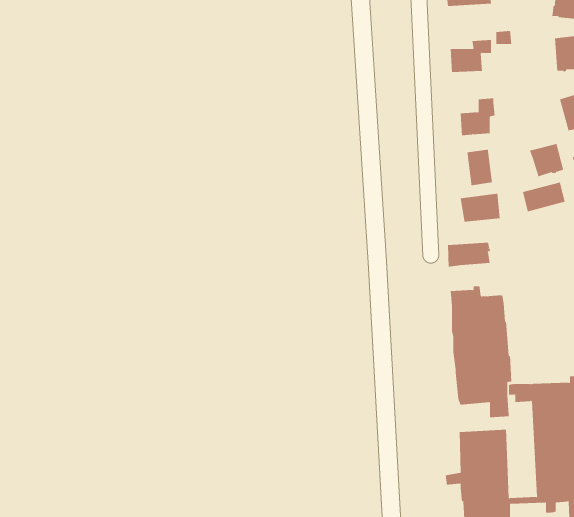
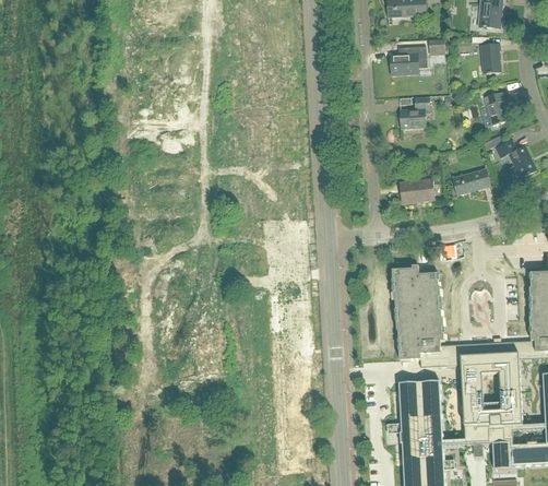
building: [529,143,564,177] -> none
building: [467,149,493,186] -> none
building: [448,242,491,267] -> none

